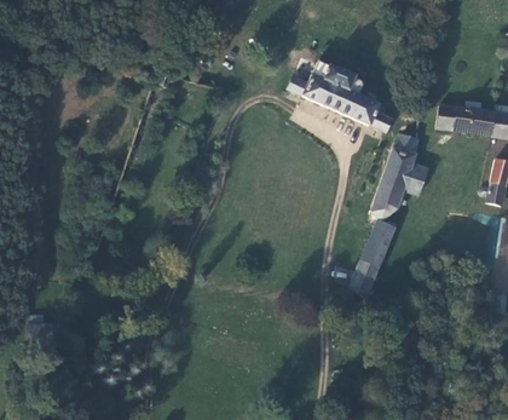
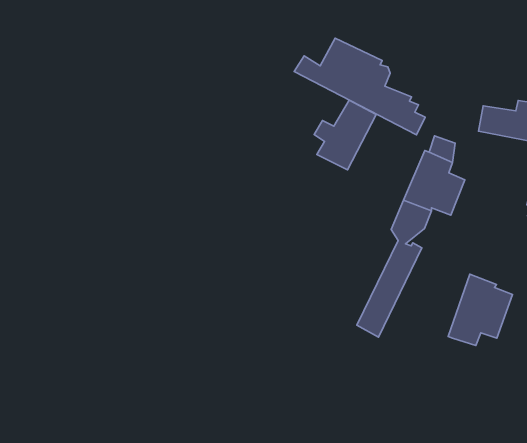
building: none -> [314,100,376,170]
building: none -> [448,274,513,345]

